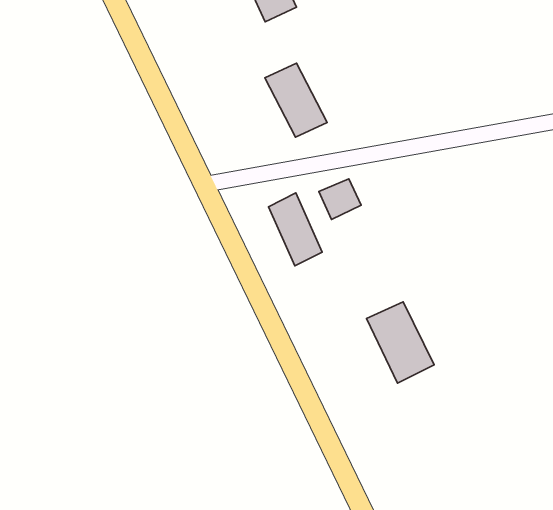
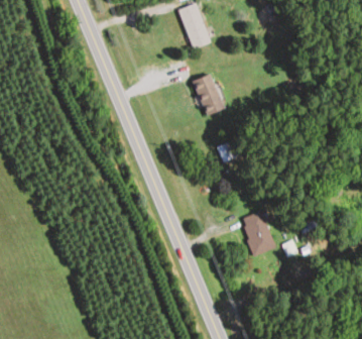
building: [269,193,322,266] -> none

